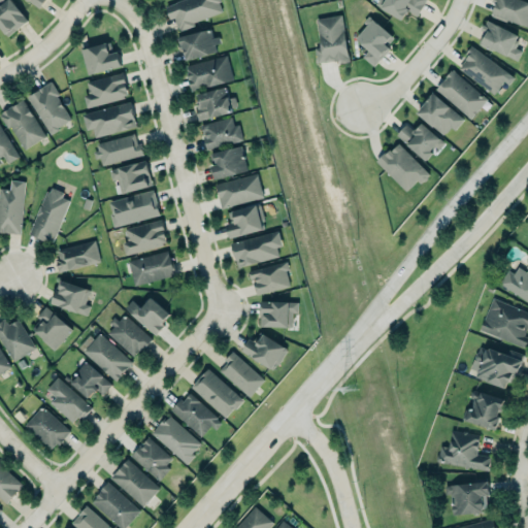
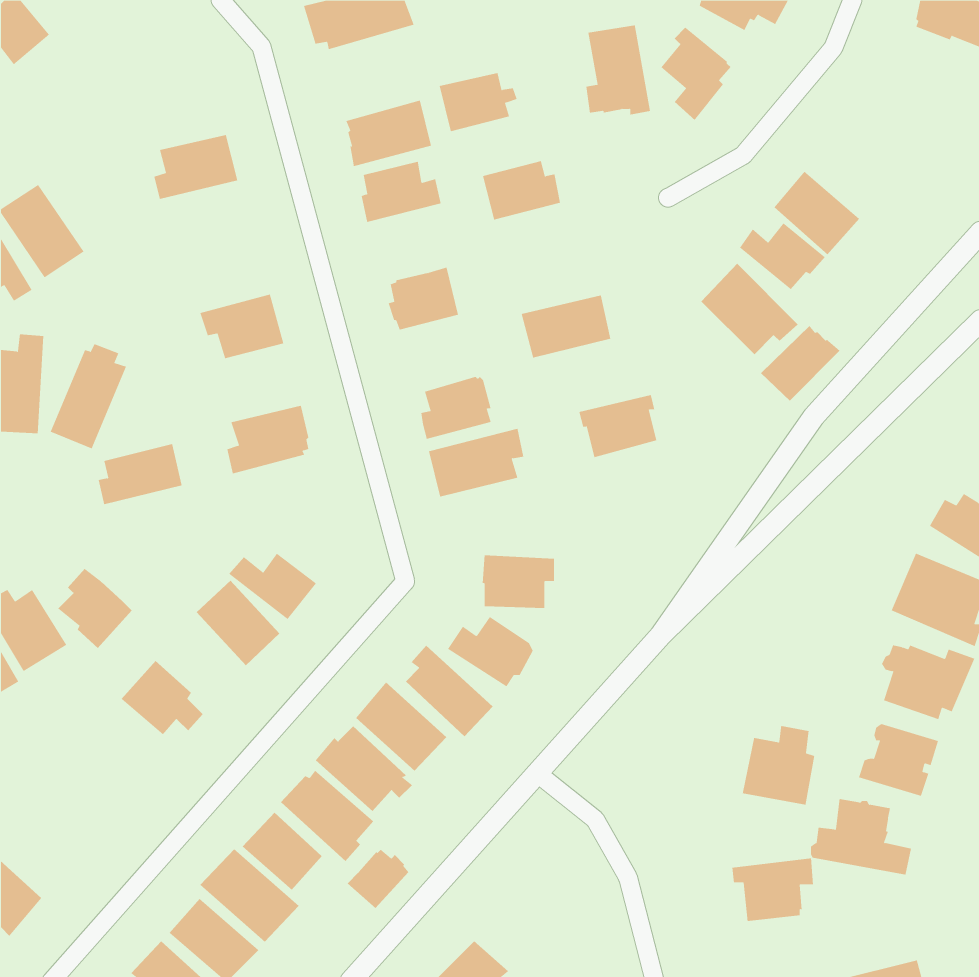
building: [478,20,521,60] -> none
building: [179,29,222,61] -> [439,72,517,132]
building: [80,42,123,75] -> none
building: [459,46,508,95] -> none
building: [436,70,488,120] -> none
building: [27,82,71,135] -> none
building: [82,101,137,138] -> none
building: [200,119,242,151] -> [482,161,561,220]
building: [93,133,143,167] -> none
building: [214,175,263,209] -> [521,295,611,358]
building: none -> [760,325,841,401]
building: [110,191,161,228] -> none
building: [127,251,175,287] -> none
building: [249,262,291,296] -> [579,395,657,458]
building: [51,279,91,317] -> none
building: [84,334,133,382] -> none
building: [46,375,95,422] -> none
building: none -> [742,725,815,805]
building: [26,407,70,450] -> none
building: none -> [347,849,409,909]
building: [444,482,489,516] -> [731,858,814,921]

